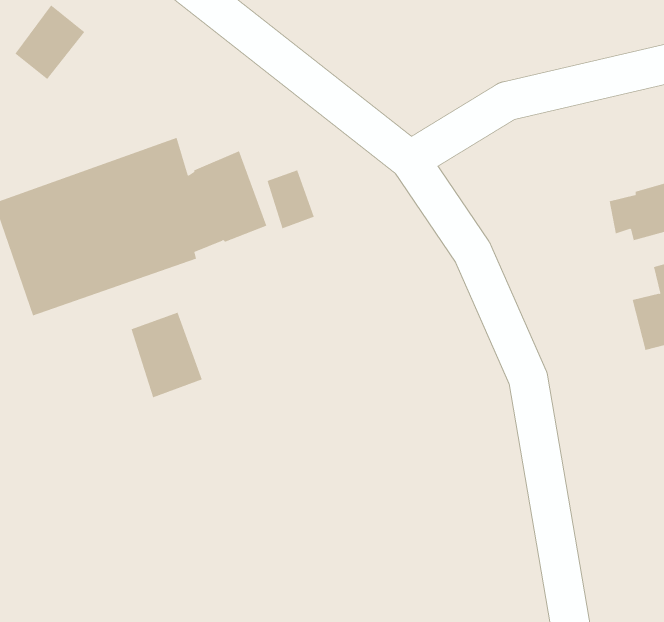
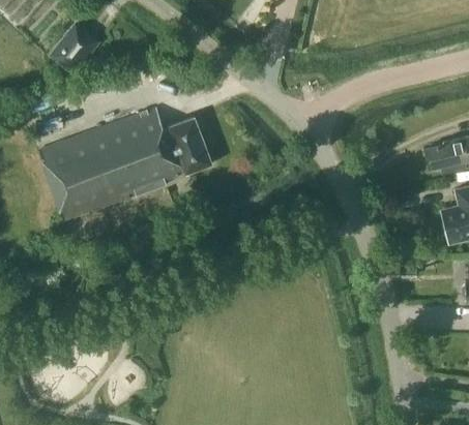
building: [267,170,315,229] -> none
building: [131,312,202,398] -> none

